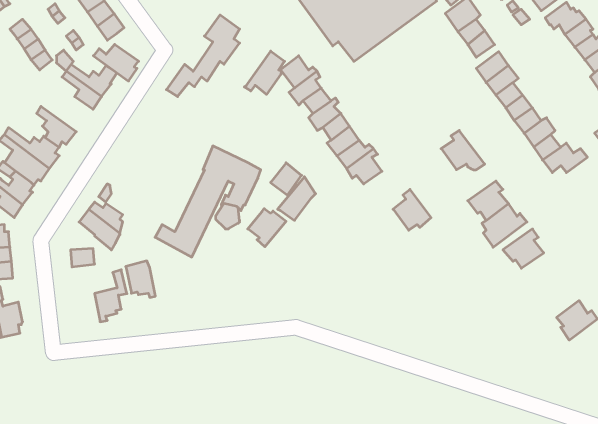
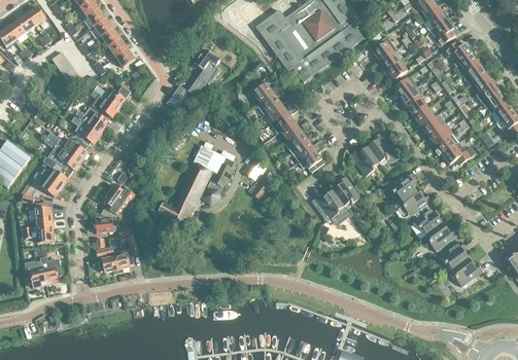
building: [93,44,139,81] -> [74,106,107,133]
building: [244,51,285,94] -> none
building: none -> [350,145,378,174]
building: [248,209,286,247] -> none
building: none -> [312,189,347,221]
building: none -> [425,221,455,250]
building: [126,261,155,297] -> [96,246,117,273]
building: none -> [439,240,468,268]

